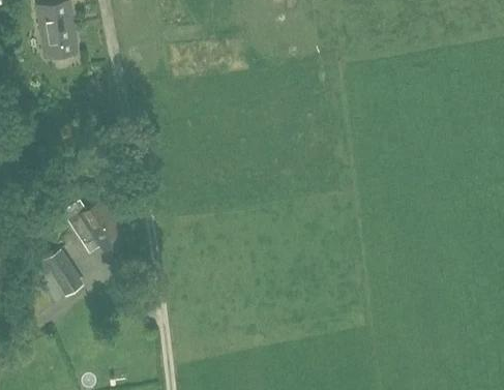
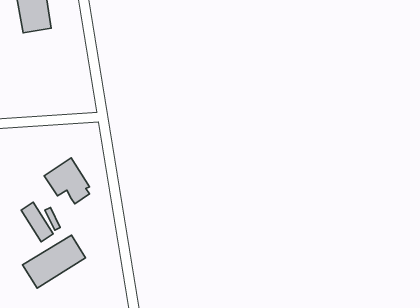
building: none -> [22,235,86,288]

